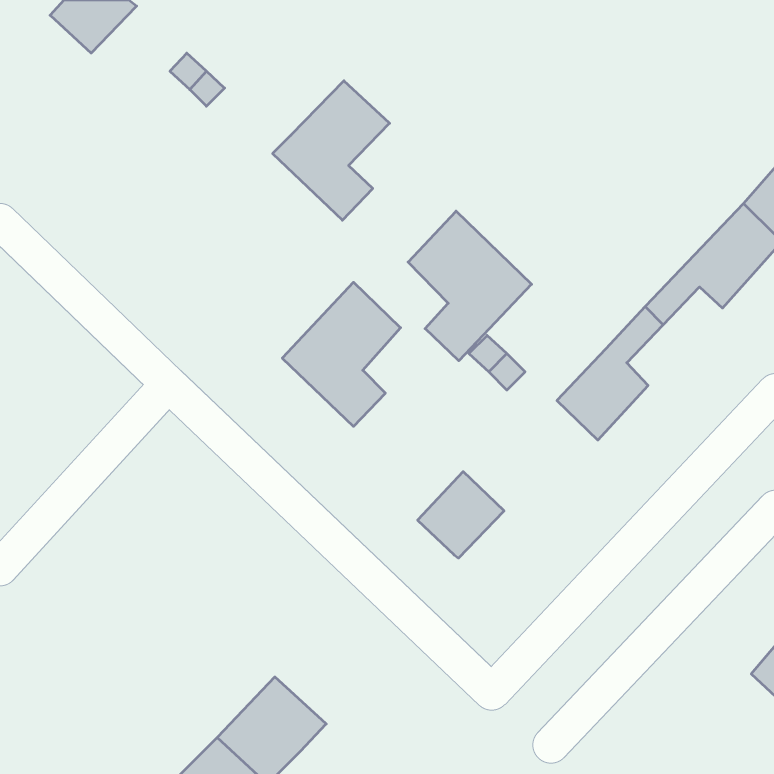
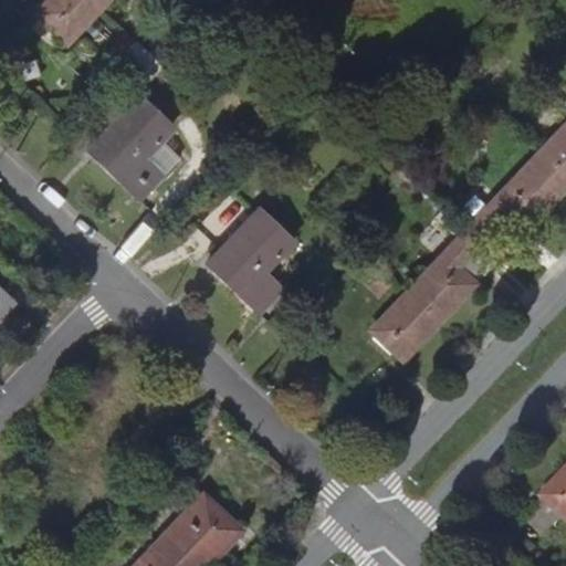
building: [273,81,390,220] -> [88,95,174,197]
building: [408,211,532,361] -> none
building: [418,472,504,558] -> [374,293,437,356]

